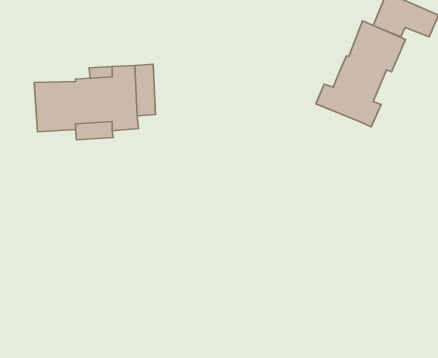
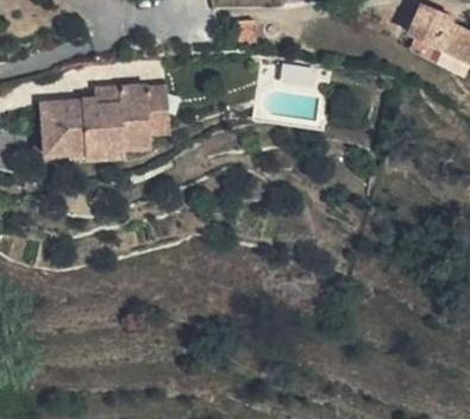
building: [316,21,405,127] -> none

